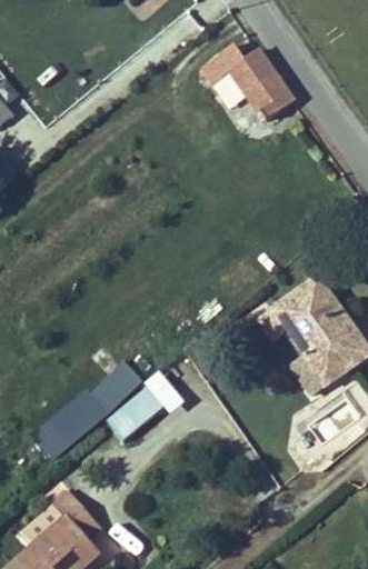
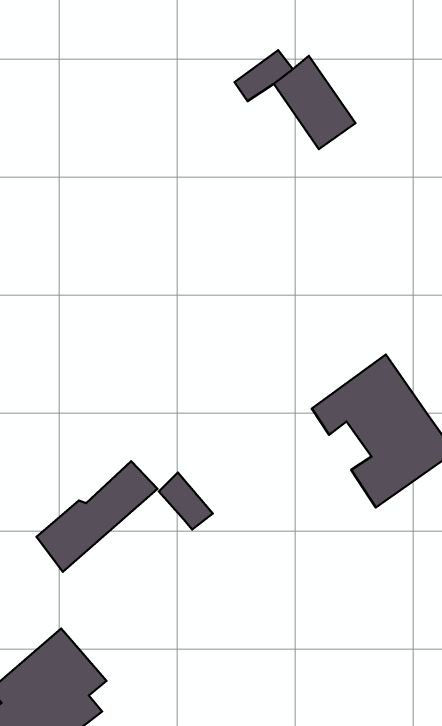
building: [100,385,163,445] -> none

